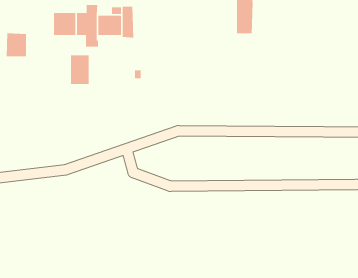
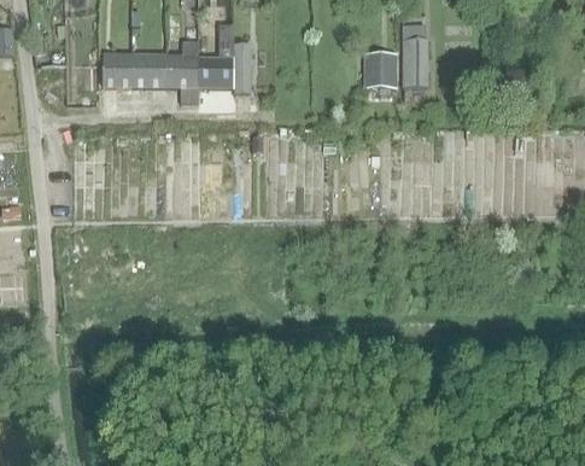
building: none -> [363,53,397,87]
building: [6,33,27,57] -> [101,52,133,88]
building: [70,54,89,85] -> none

